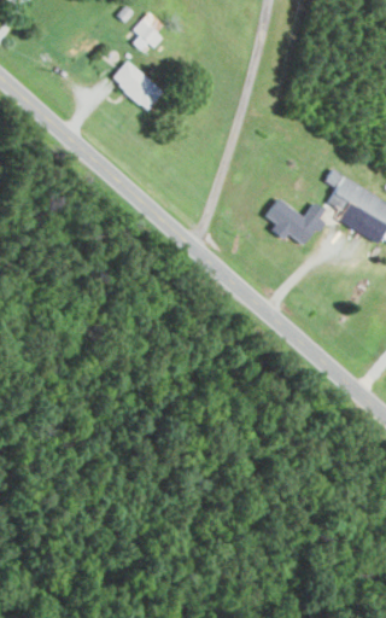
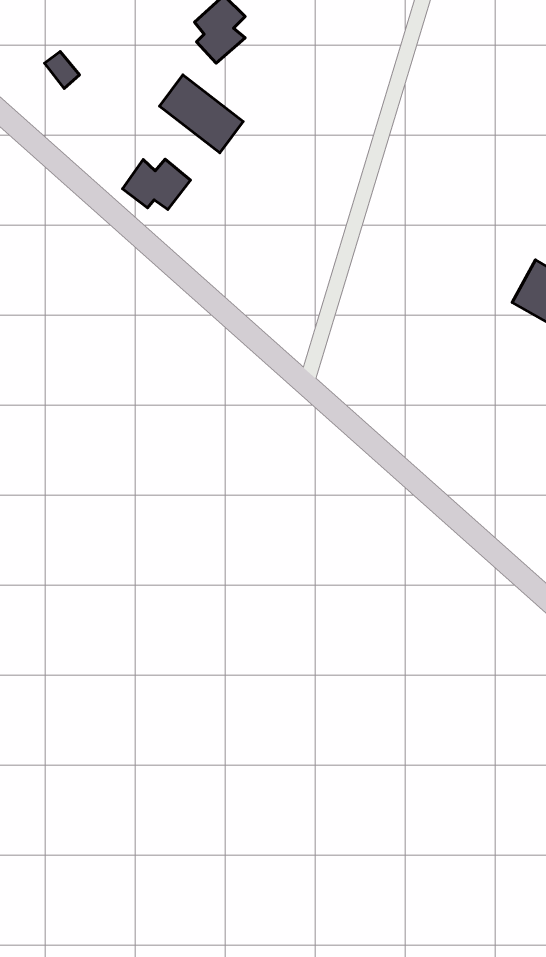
building: none -> [123,159,190,209]
building: [265,199,327,245] -> none

